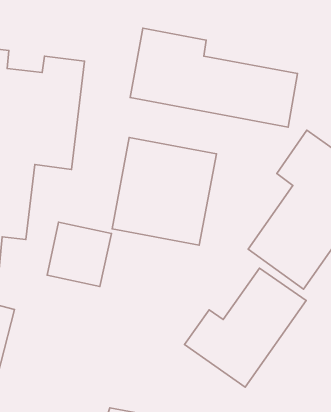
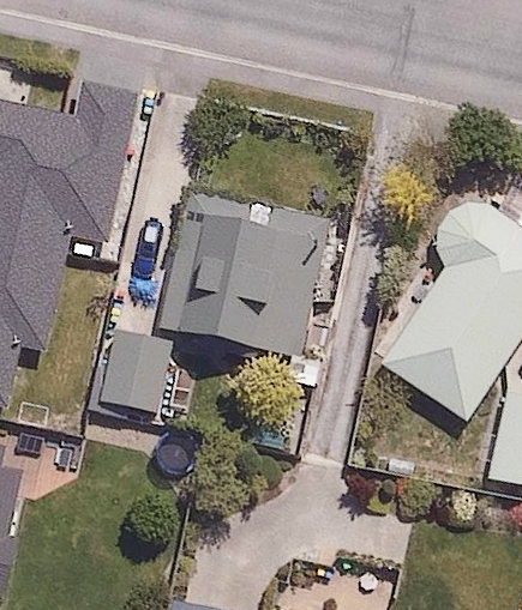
building: [130,28,297,127] -> none
building: [185,268,306,387] -> none

